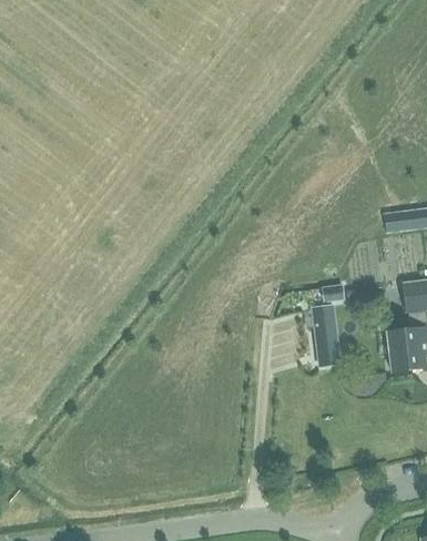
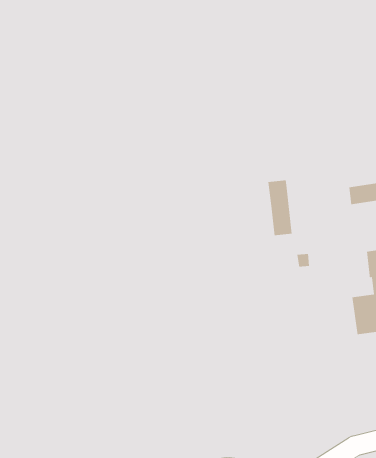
building: [313,305,339,365] -> [268,180,293,236]

